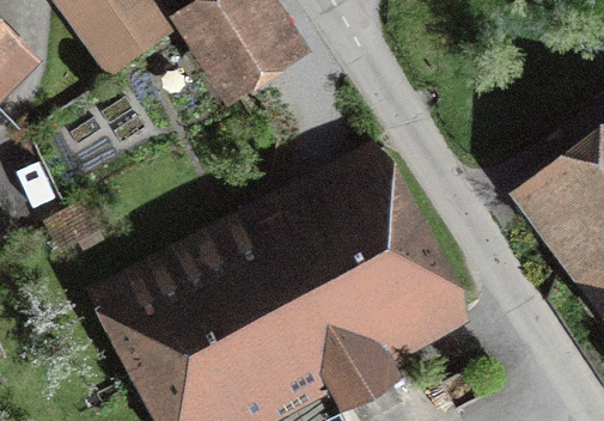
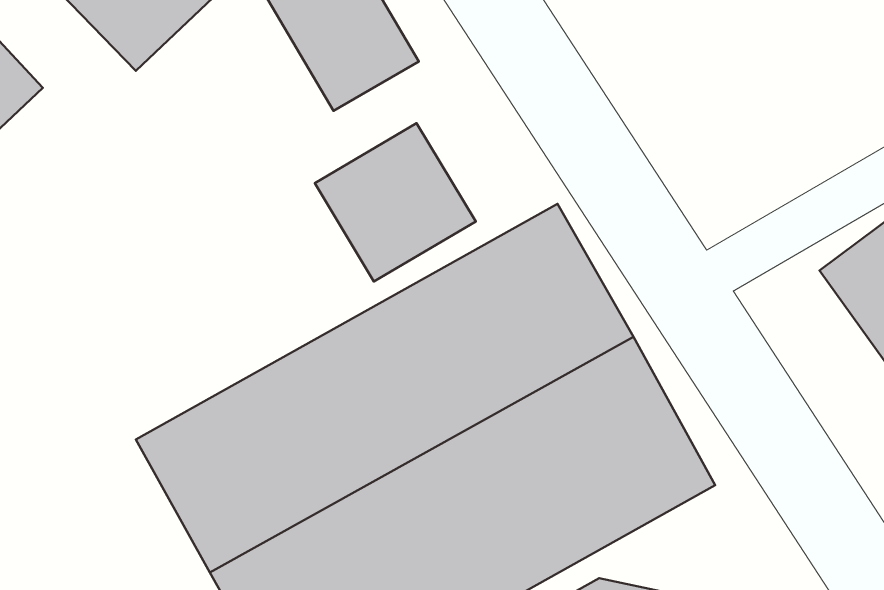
building: none -> [315,123,476,282]

